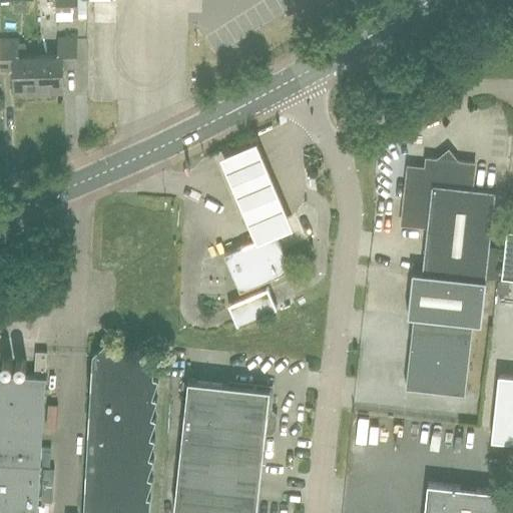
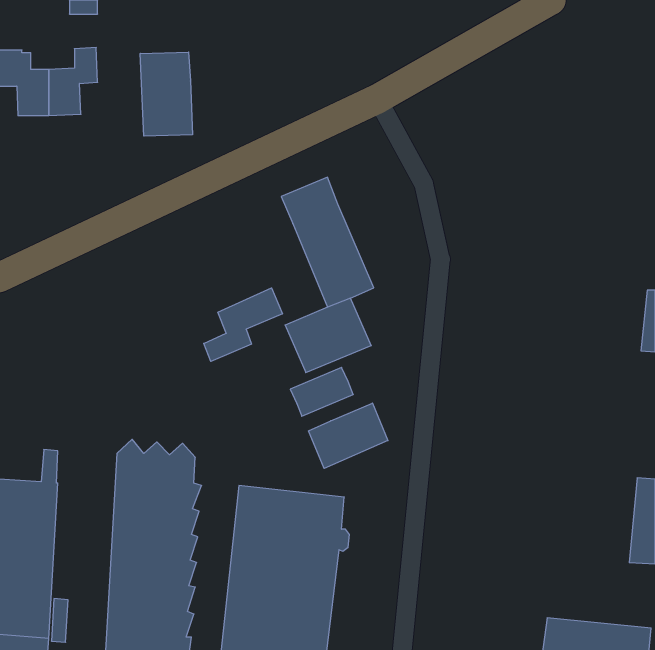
building: none -> [140,52,192,136]
building: [400,162,494,328] -> none
building: none -> [204,288,282,361]
building: none -> [308,403,388,468]
building: [404,332,470,398] -> none

